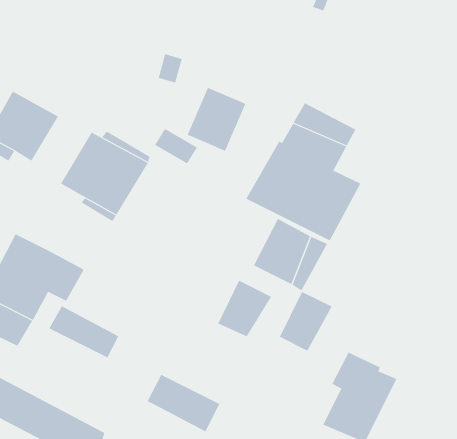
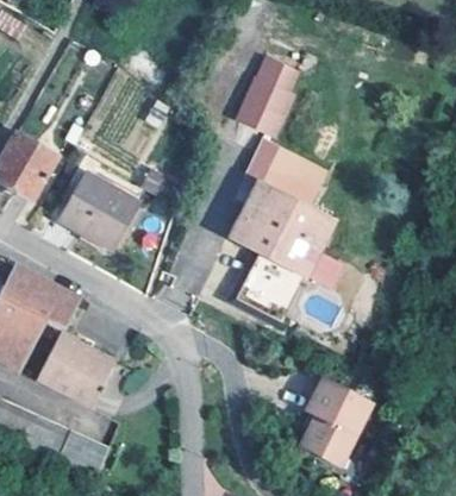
building: [187,87,246,151] -> [239,76,294,136]
building: [218,280,272,337] -> none
building: [279,291,333,351] -> none
building: [147,374,220,432] -> [33,353,101,407]

